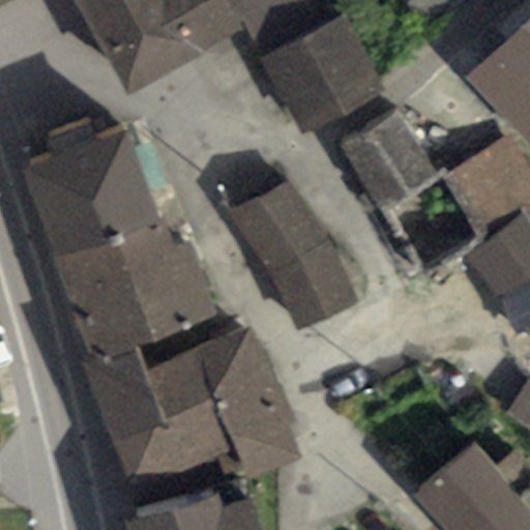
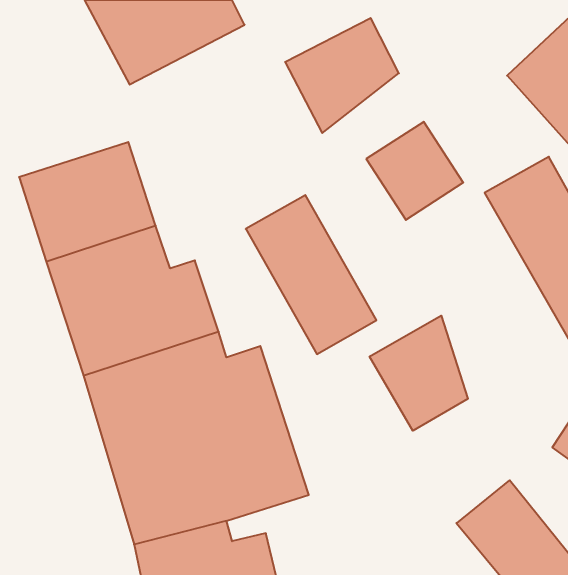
building: none -> [370,316,468,431]

